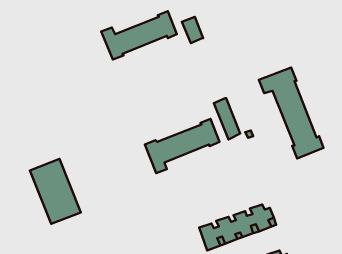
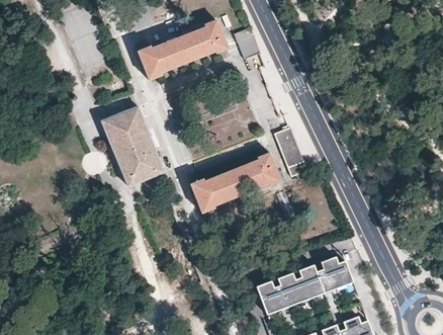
building: [259,67,323,158] -> none
building: [30,159,81,224] -> [101,105,164,185]

